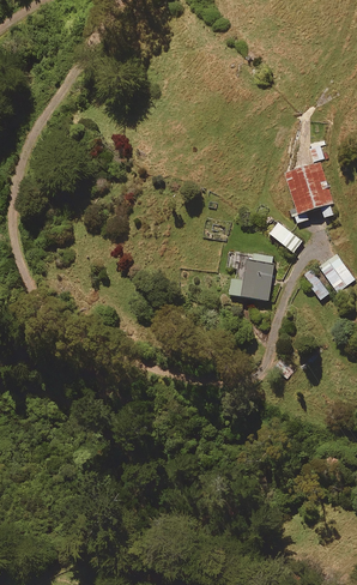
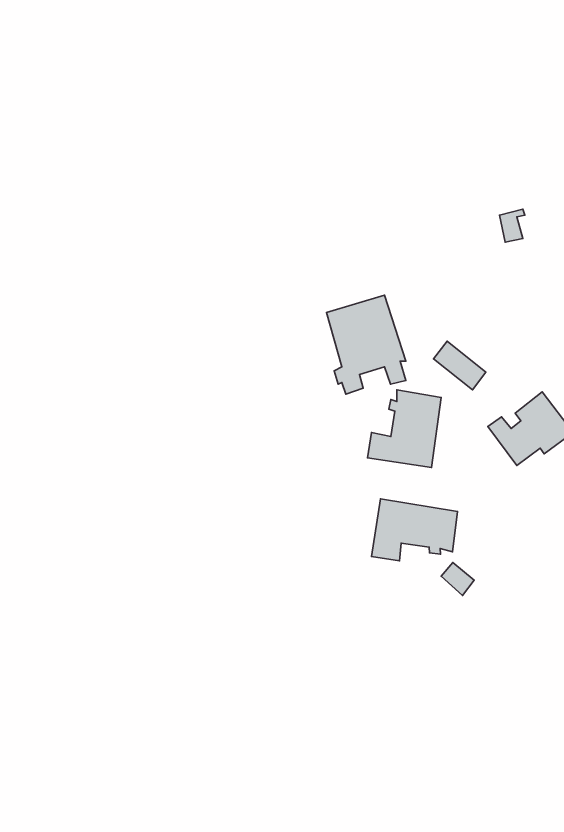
building: [285,163,334,224] -> [326,295,406,394]
building: none -> [372,499,457,561]

